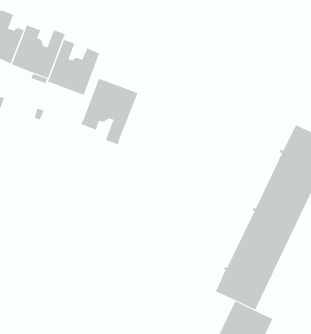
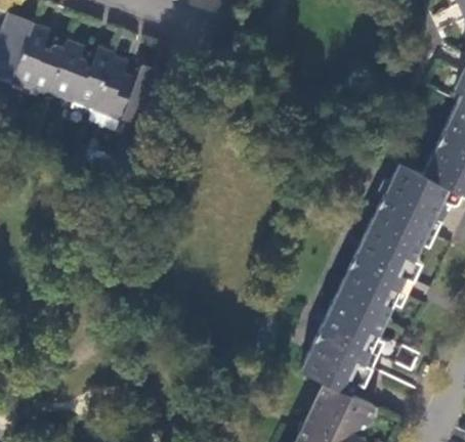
building: [81,78,138,145] -> none

